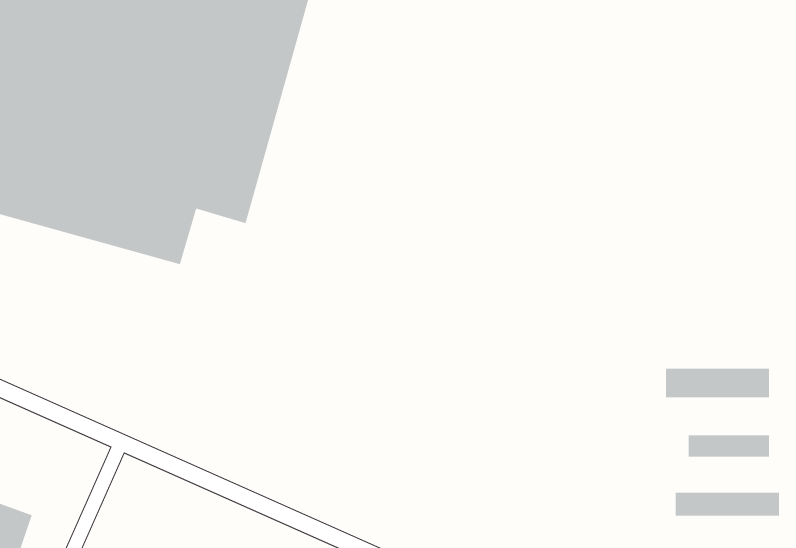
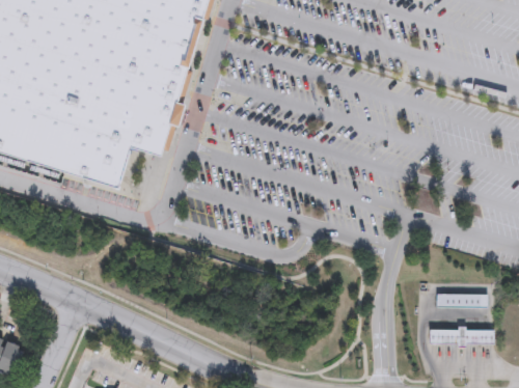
building: [665,368,770,398] -> none

